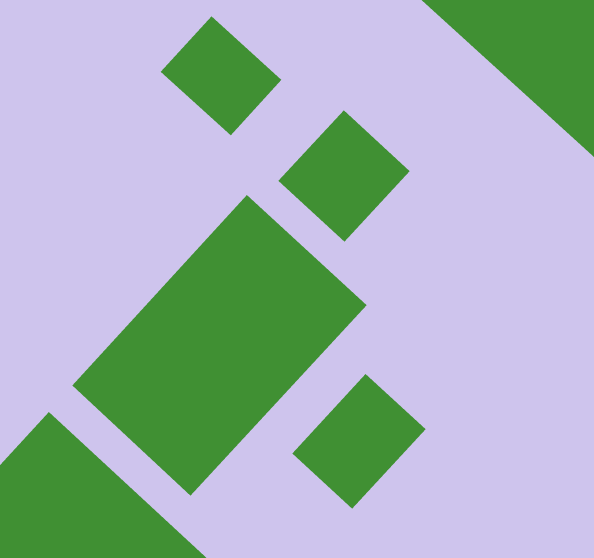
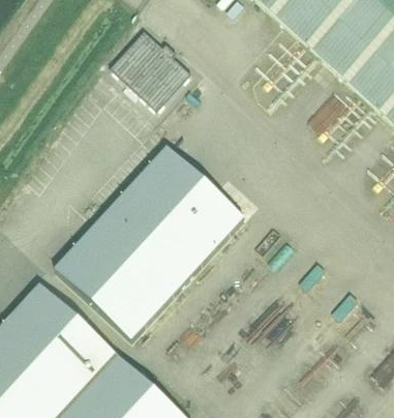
building: [278,109,411,243] -> none
building: [291,373,426,509] -> none

